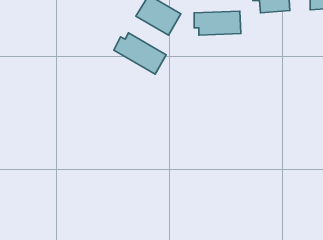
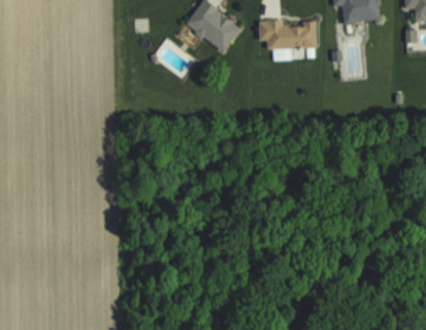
building: [114,33,166,74] -> none

